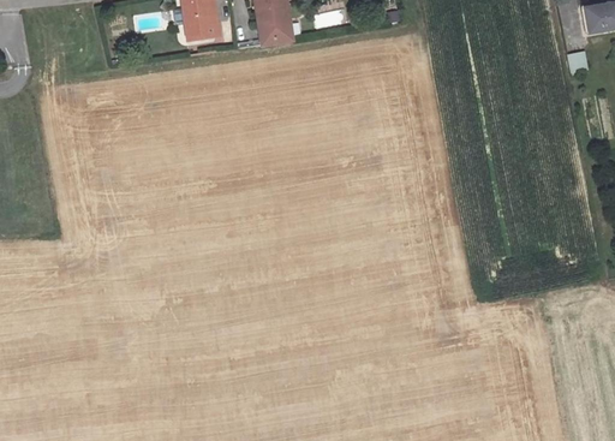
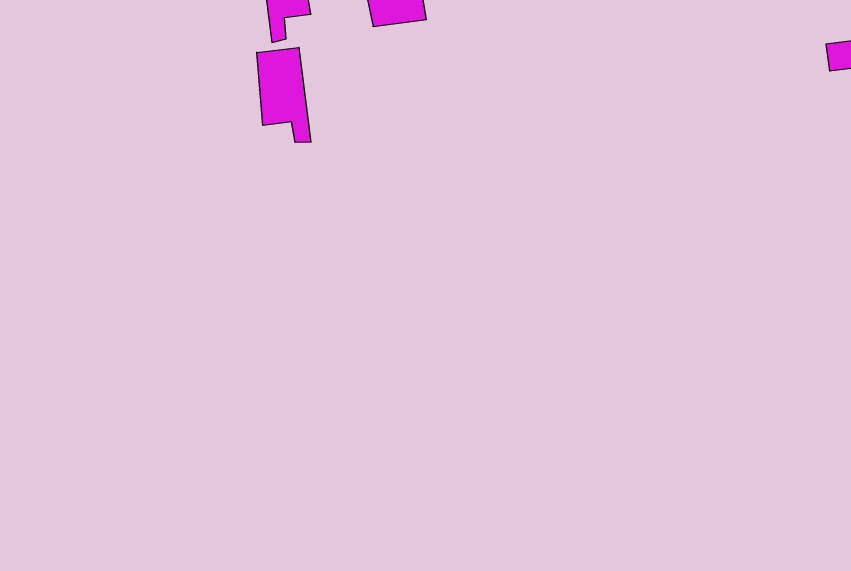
building: none -> [257,47,311,142]

